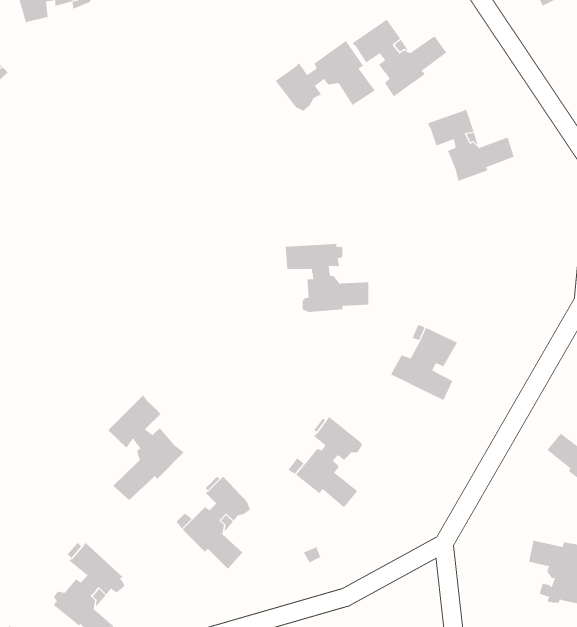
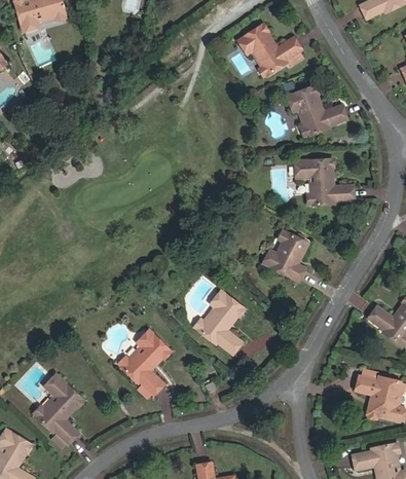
building: [275,40,375,112] -> none
building: [285,243,369,312] -> [297,159,354,206]
building: [108,394,185,501] -> none

